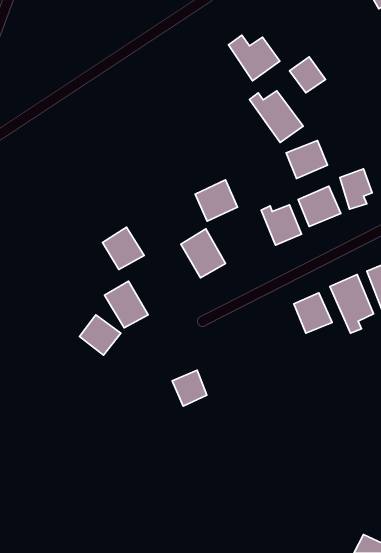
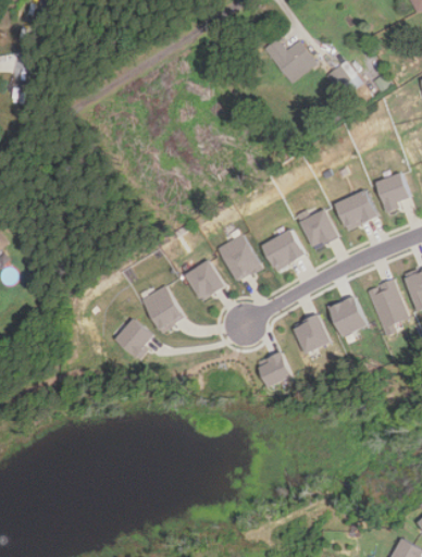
building: [249,91,303,143] -> none
building: [286,140,327,178] -> none
building: [195,180,238,221] -> [261,228,303,270]
building: [103,227,144,270] -> [184,258,225,300]
building: none -> [291,312,331,354]
building: [172,370,207,406] -> [257,350,291,386]

